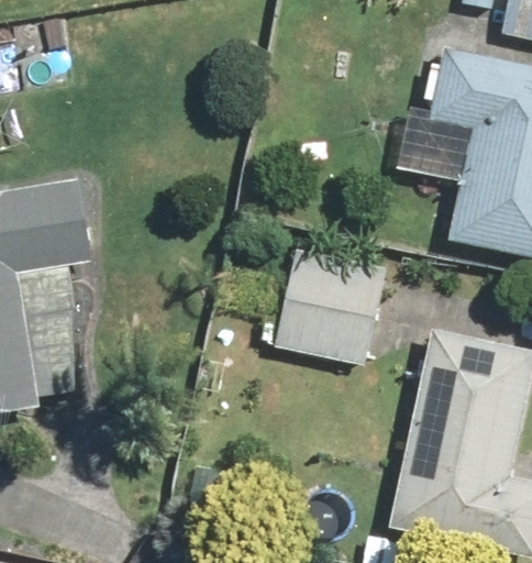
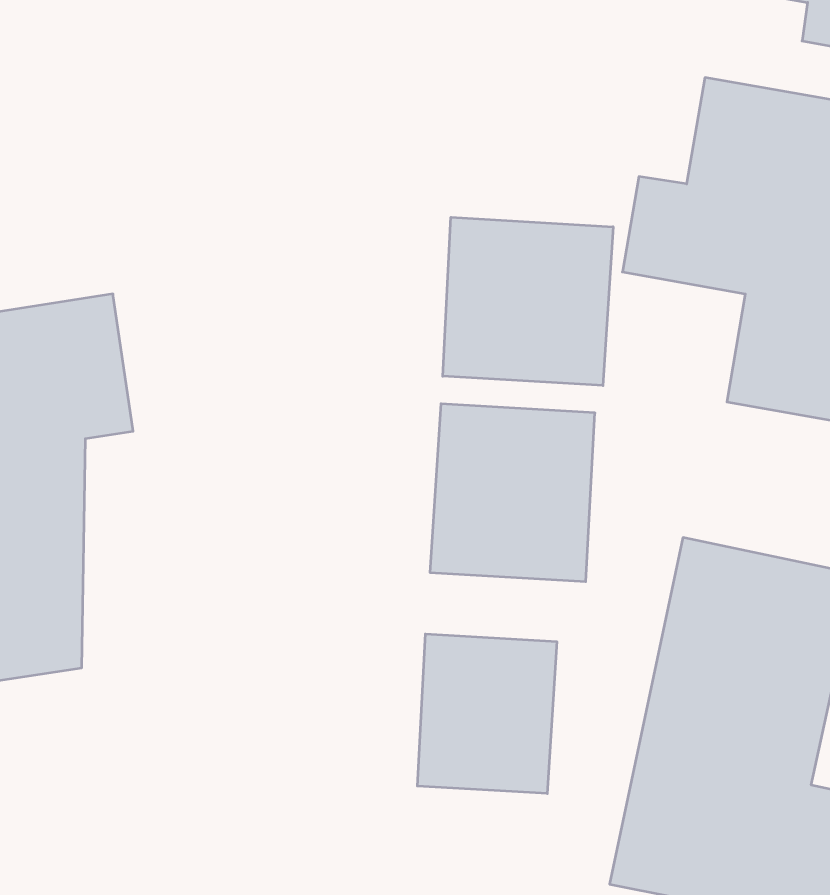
building: none -> [443,217,613,386]
building: none -> [417,634,557,794]

